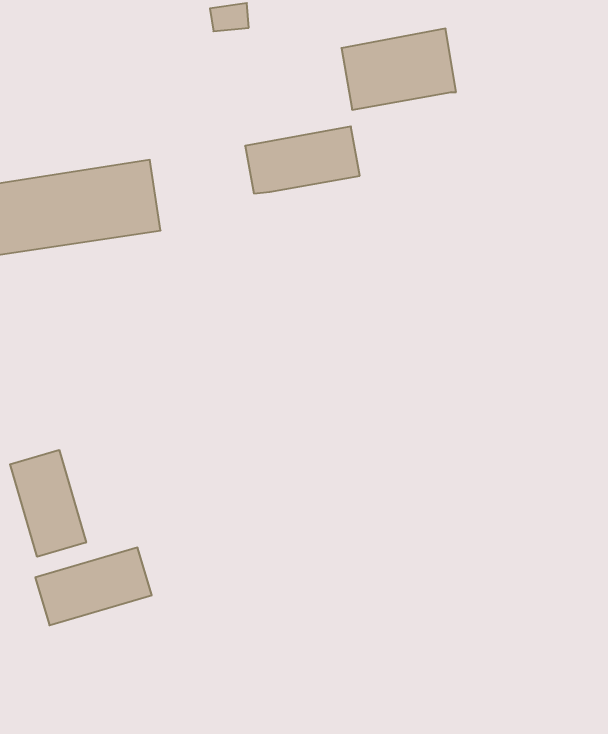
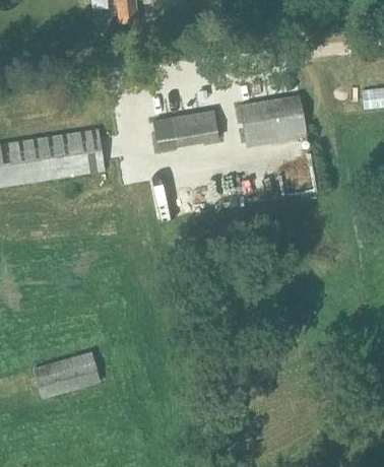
building: [341,29,456,110] -> [239,95,305,142]
building: [10,450,86,557] -> none

